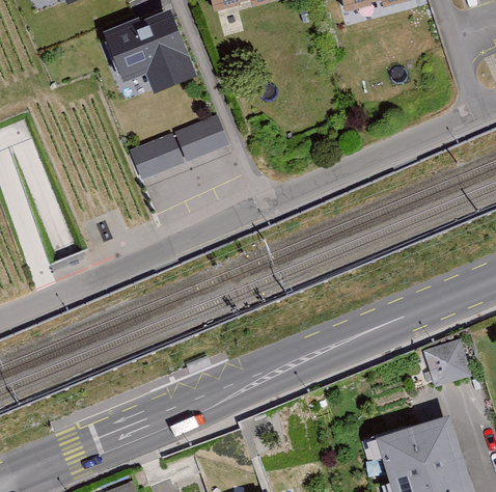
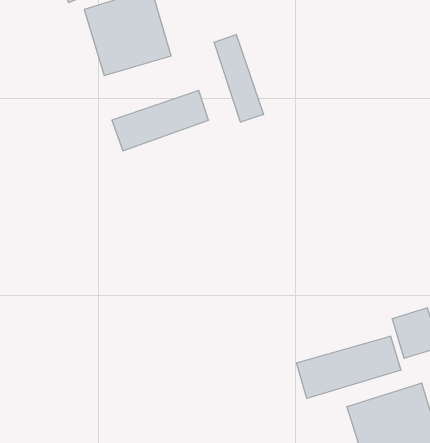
building: none -> [214,34,264,122]
building: none -> [297,336,401,398]

